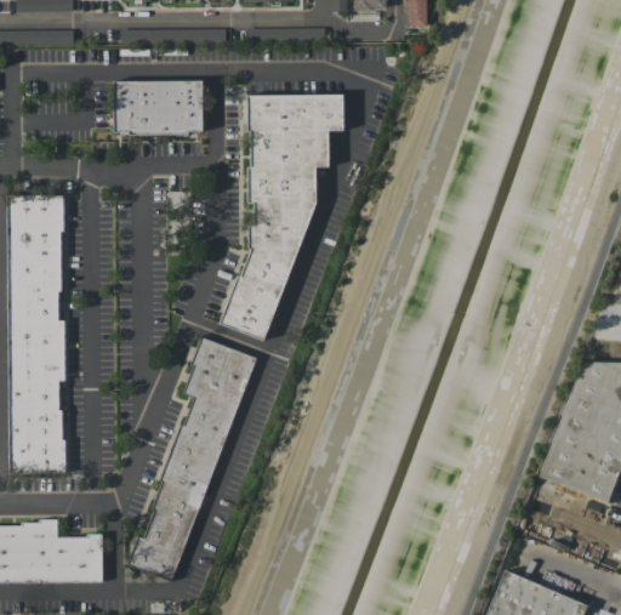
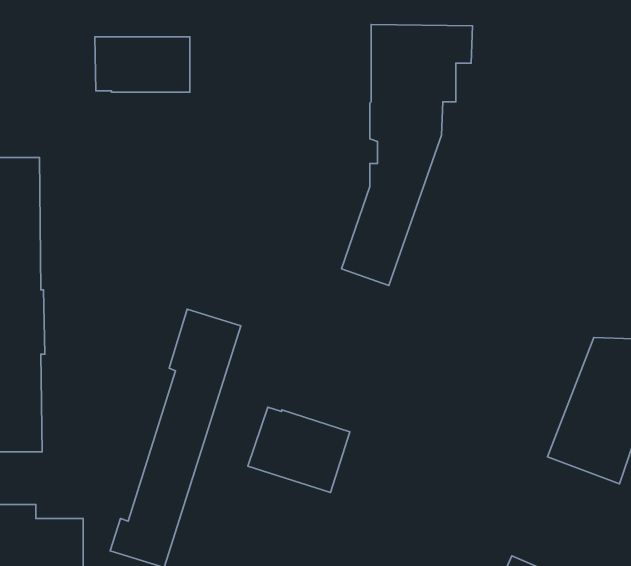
building: [221,95,344,341] -> [342,25,472,285]
building: none -> [248,407,350,492]

